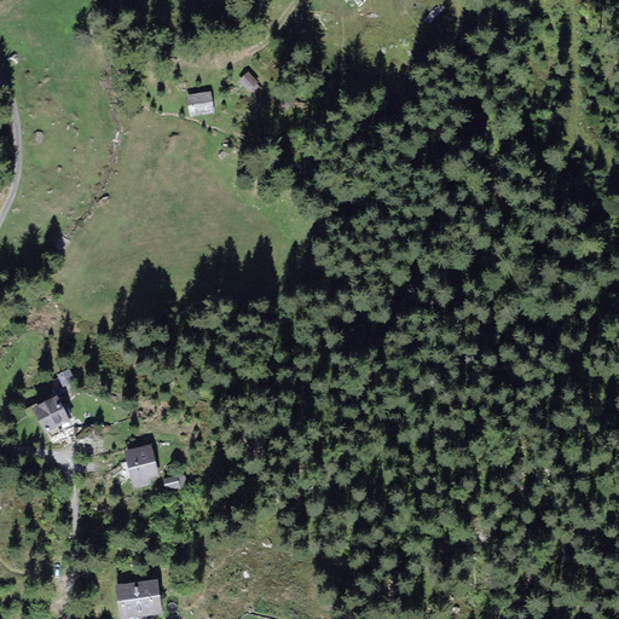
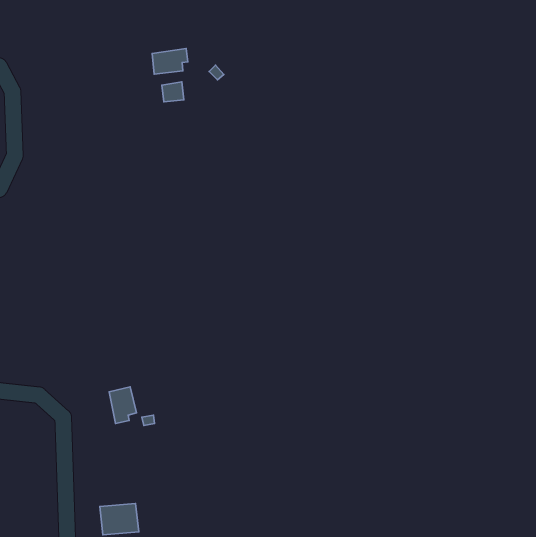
building: none -> [152,48,188,74]
building: [34,395,68,430] -> none

